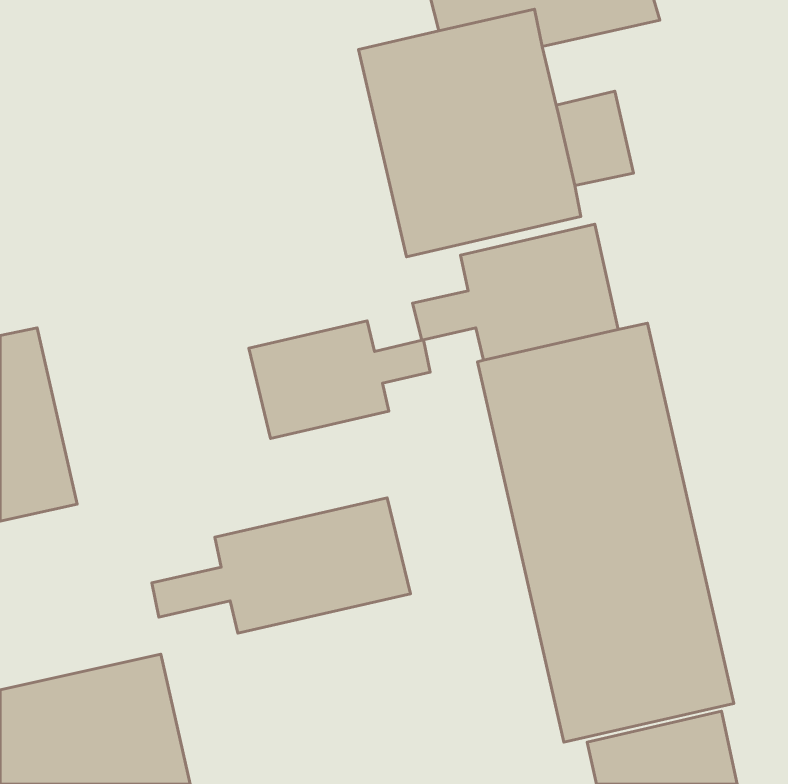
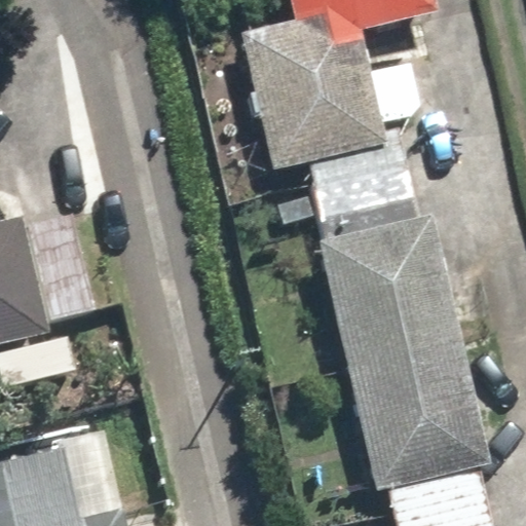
building: [249,321,430,438] -> none
building: [152,498,410,633] -> none

